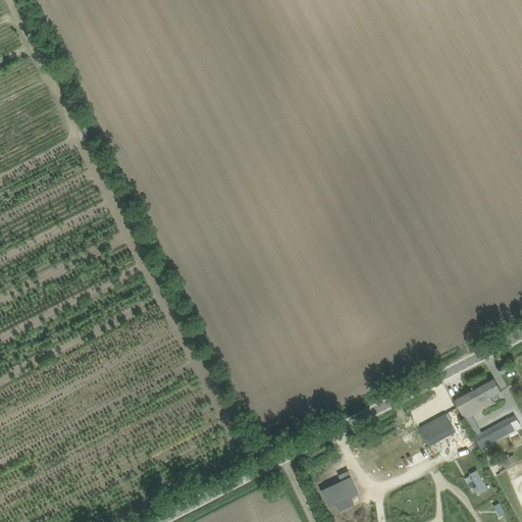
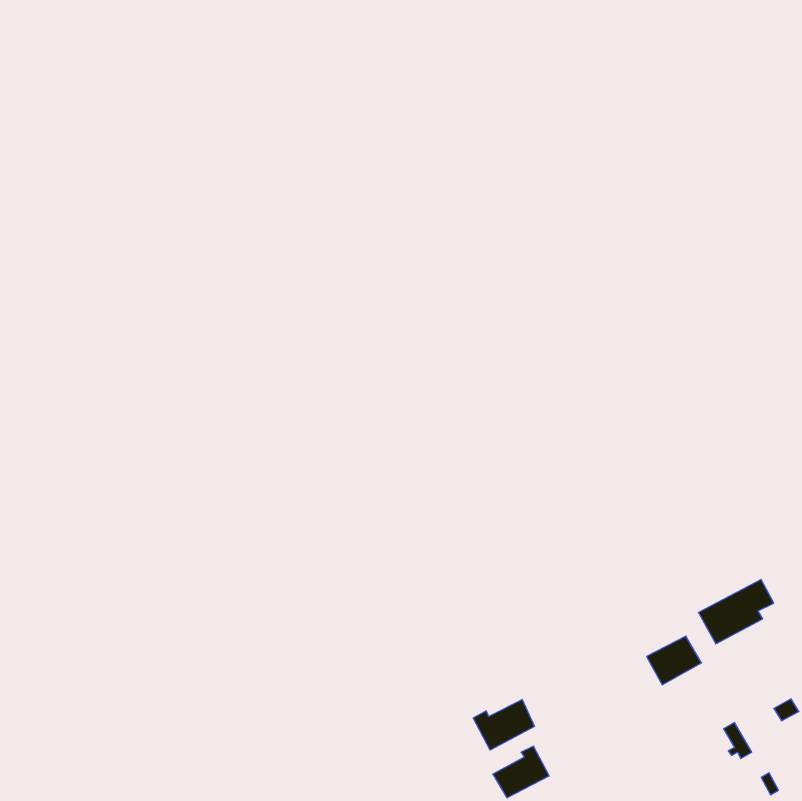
building: [475,417,516,449] -> none
building: none -> [473,699,535,750]

